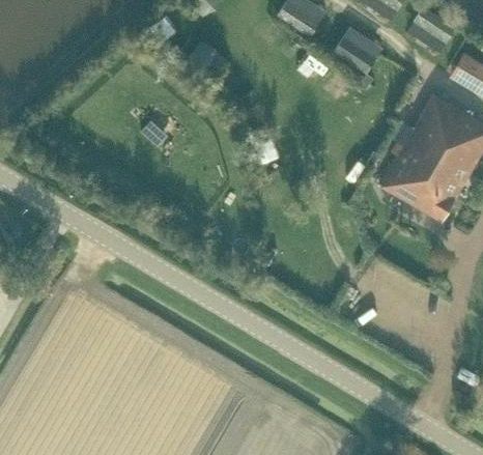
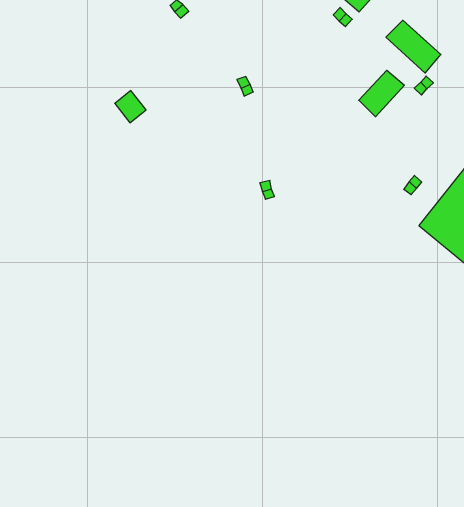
building: none -> [359,70,404,117]

